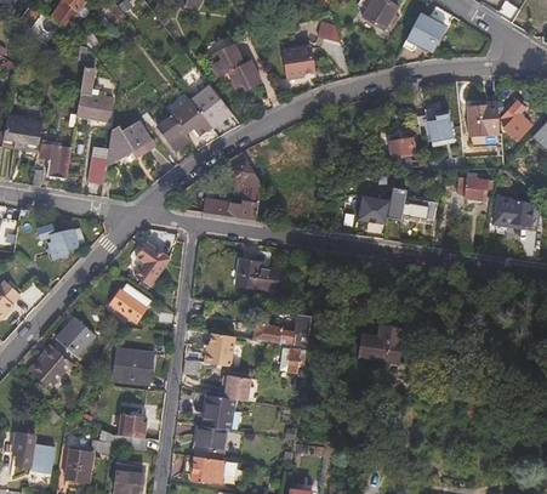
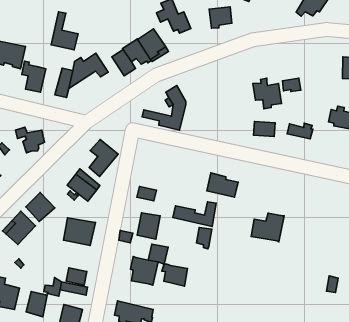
building: [414,103,454,144] -> [253,78,282,109]
building: [235,257,277,288] -> [207,173,238,197]
building: [193,424,227,452] -> [162,264,187,286]

